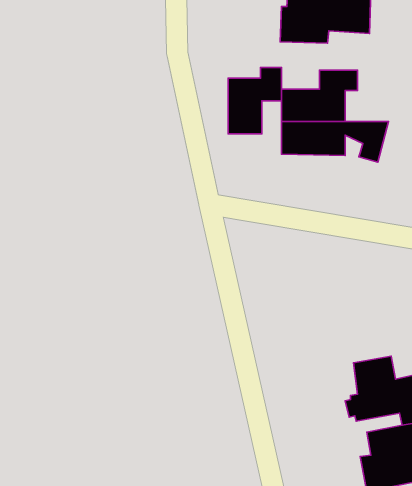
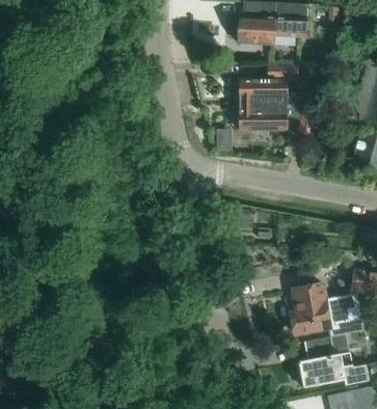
building: [228,68,281,134] -> none

